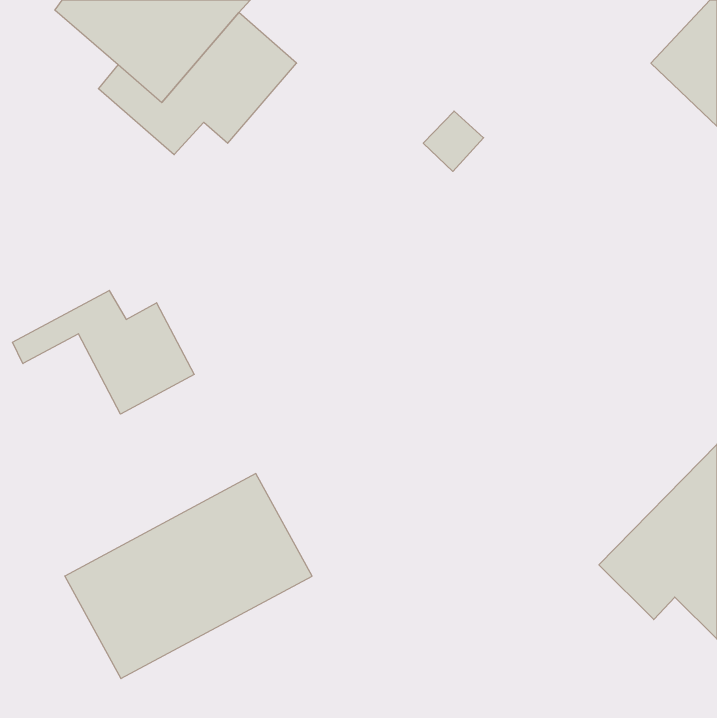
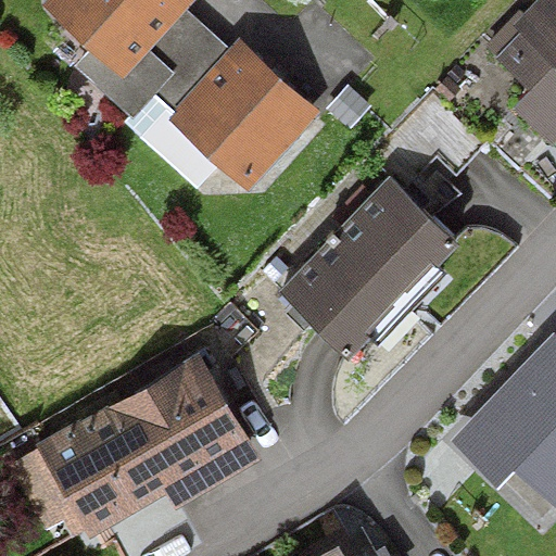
building: none -> [170,41,316,186]
building: none -> [291,186,452,349]
building: [12,290,194,414] -> none

